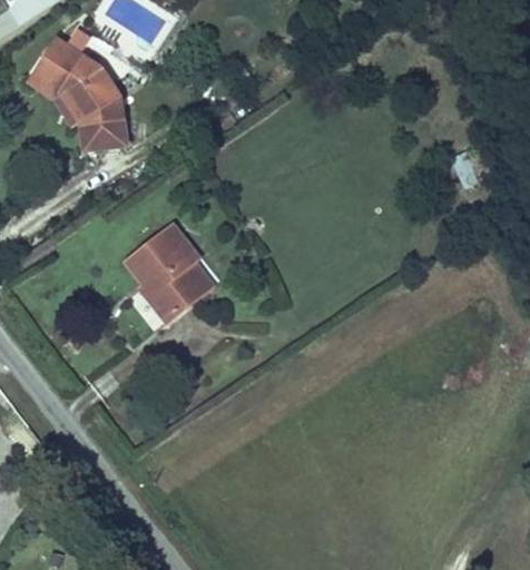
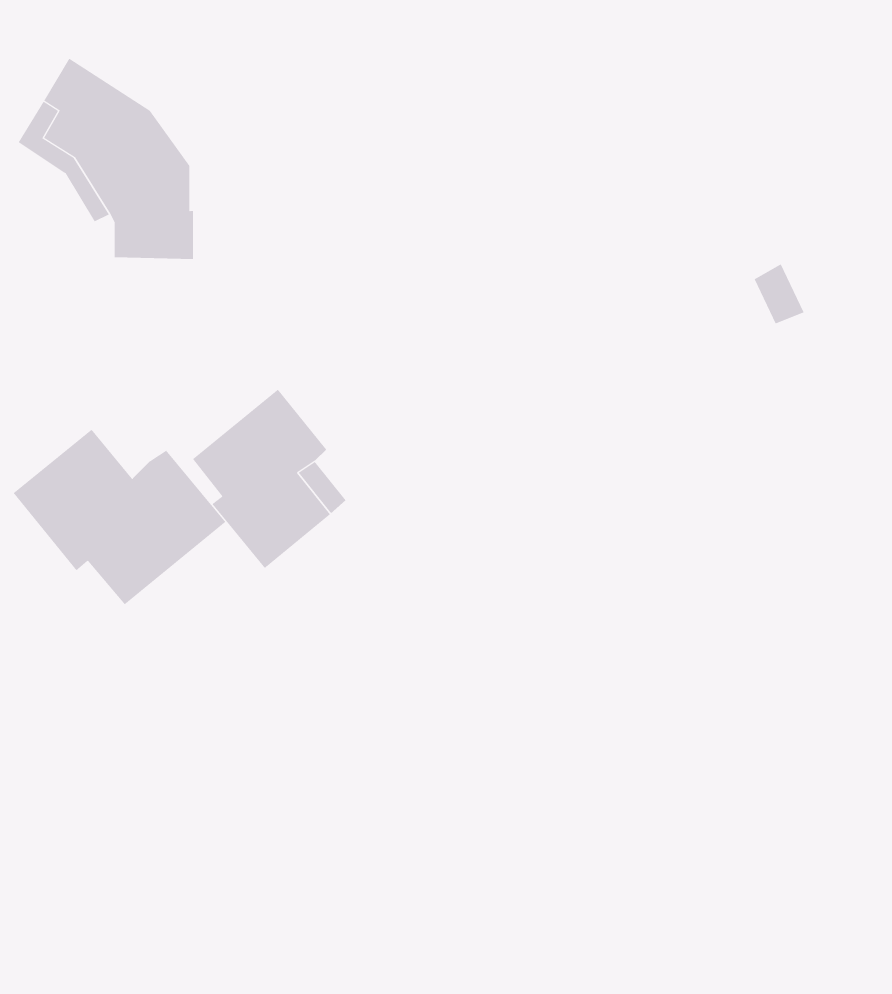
building: none -> [13,429,226,605]

